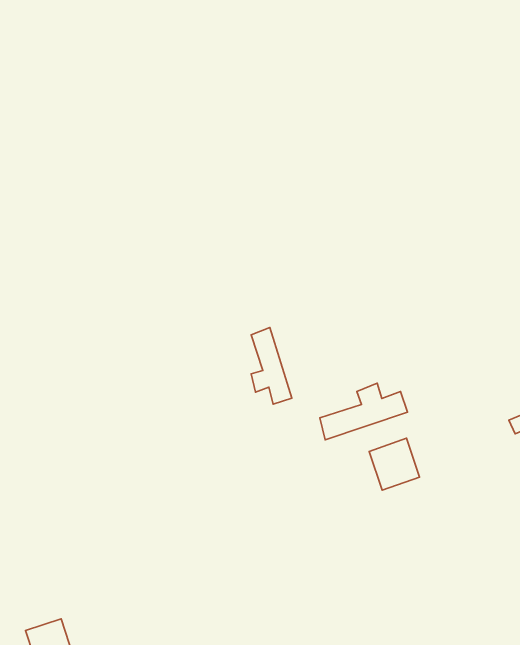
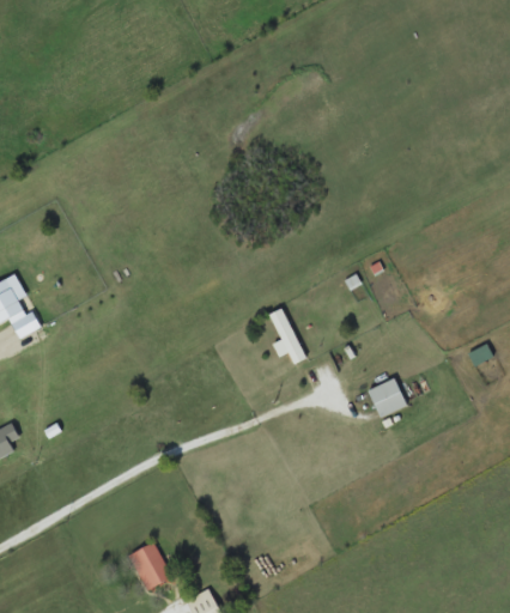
building: [320,383,408,440] -> none

